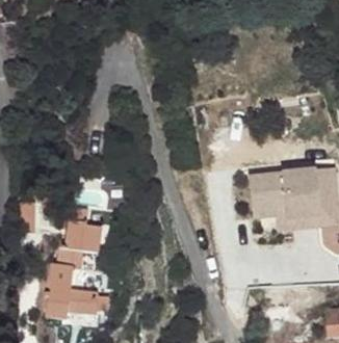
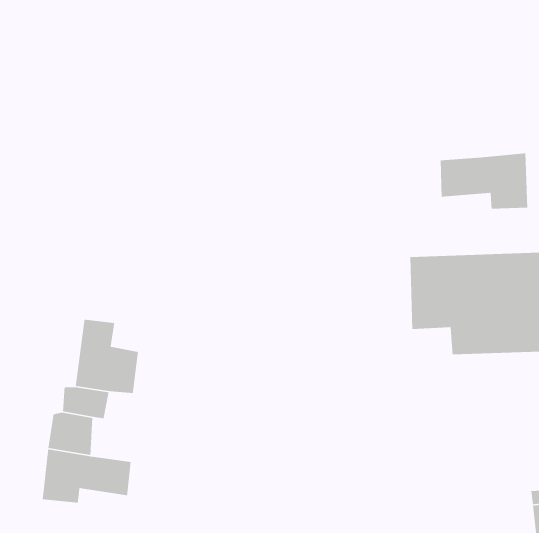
building: none -> [440,152,528,209]

